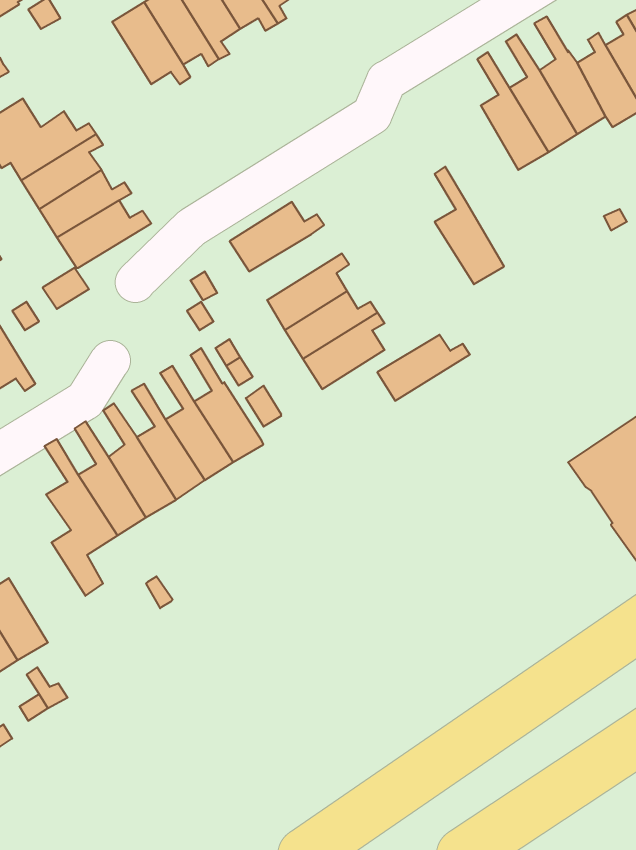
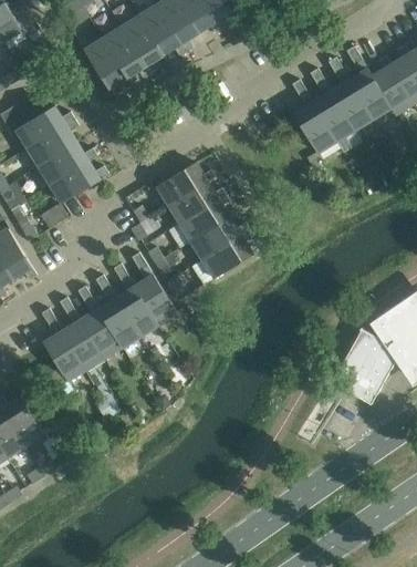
building: [435,167,504,284] -> [293,80,336,153]
building: [377,335,470,401] -> [169,182,227,223]
building: none -> [332,328,395,404]

